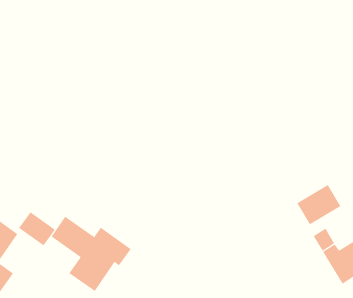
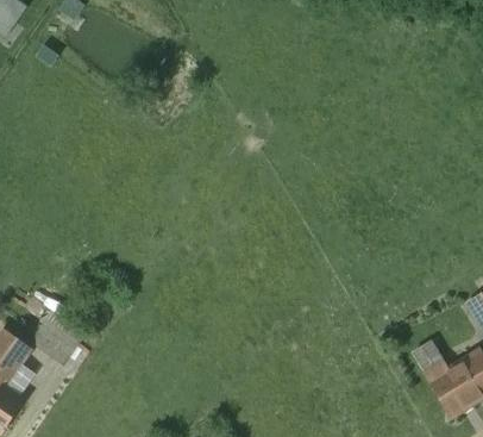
building: [296,184,341,225] -> none
building: [51,216,132,292] -> none

